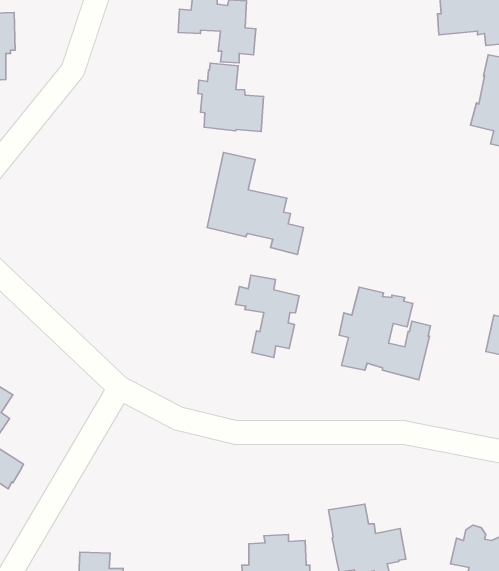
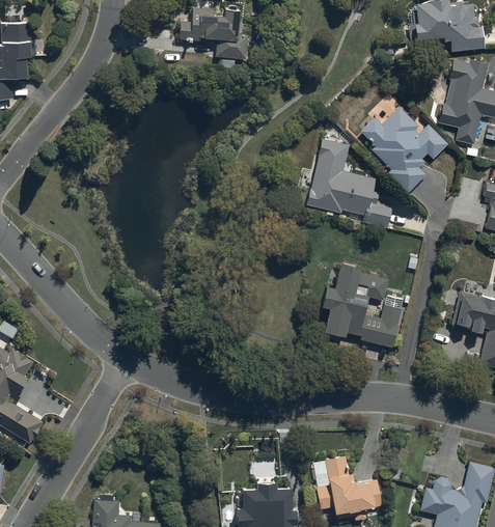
building: [198,63,263,131] -> none
building: none -> [361,107,448,194]
building: [207,152,303,254] -> [306,138,391,228]
building: [236,275,299,357] -> none

